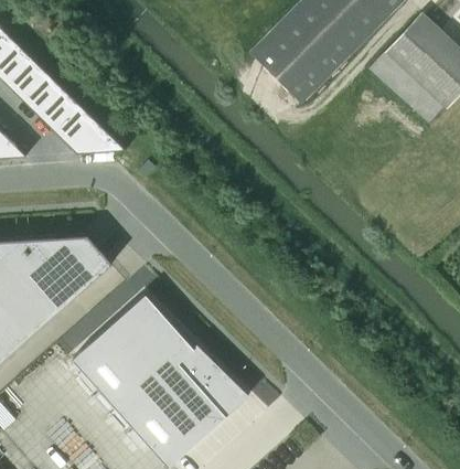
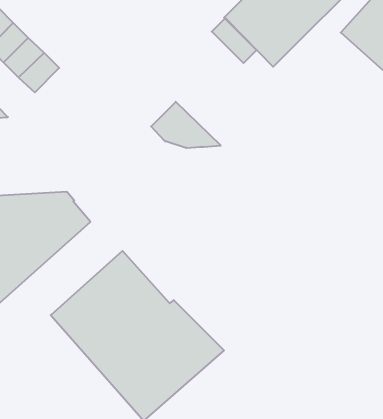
building: none -> [212,19,256,63]
building: [53,105,125,152] -> [151,102,221,148]

